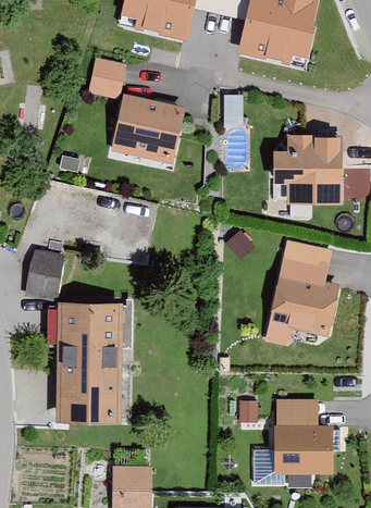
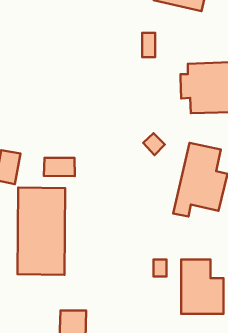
building: [88,57,124,97] -> none
building: [111,95,185,164] -> none
building: none -> [44,158,75,176]

